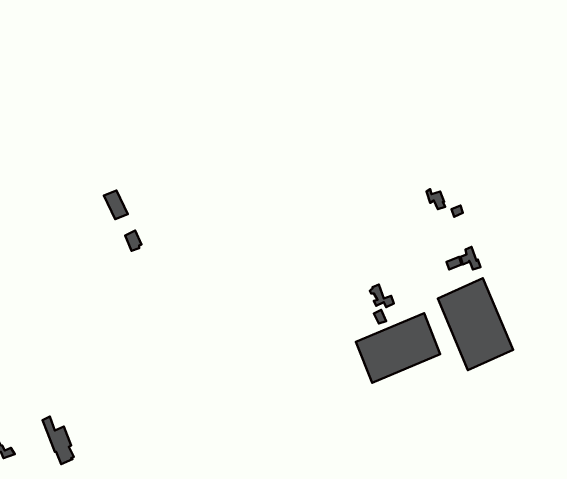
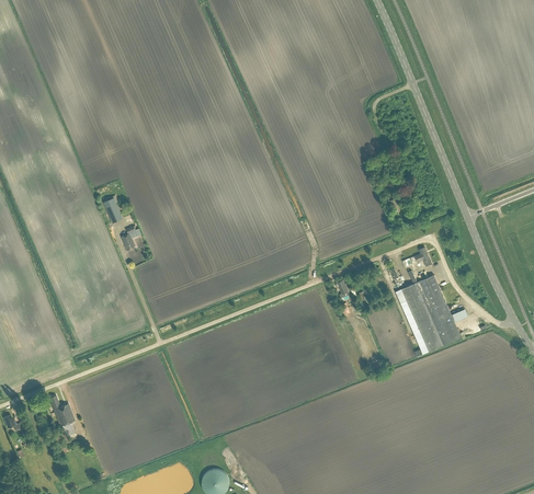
building: [356,313,440,383] -> none

